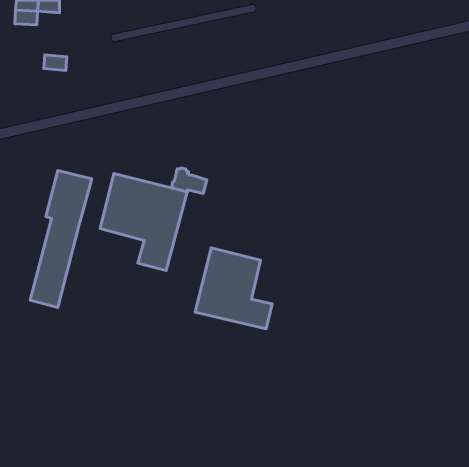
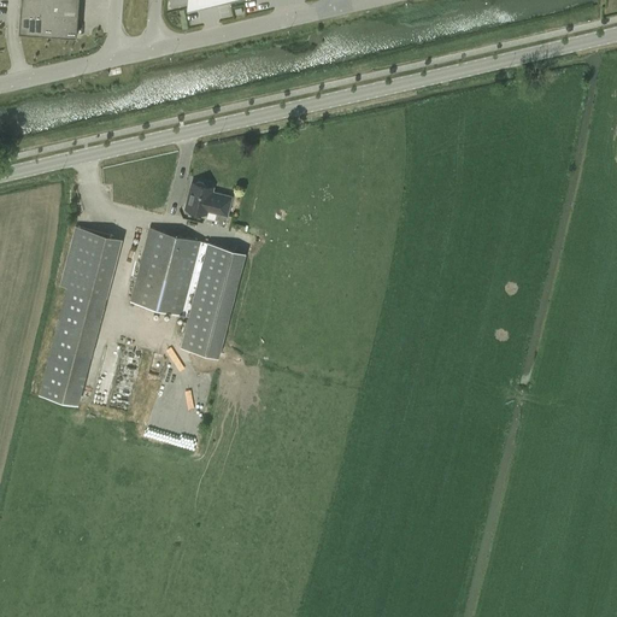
building: [44,55,67,70] -> [48,17,78,37]
building: [172,168,207,194] -> [186,183,231,217]
building: [195,248,272,329] -> none

